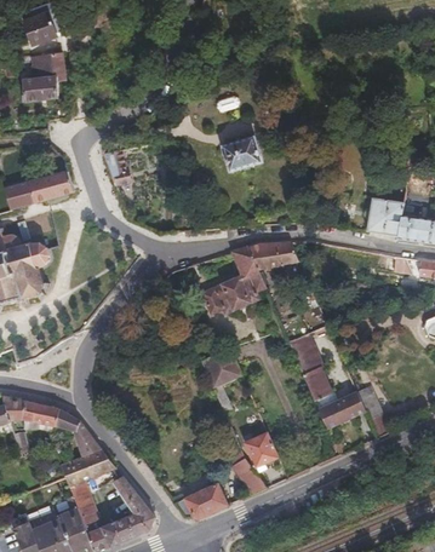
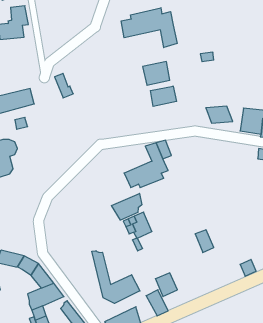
building: none -> [121,8,177,48]
building: none -> [150,86,177,106]
building: [261,241,299,265] -> [206,106,233,123]
building: none -> [111,193,142,220]
building: [288,337,322,378] -> none
building: [317,395,365,432] -> none
building: none -> [92,251,140,303]

